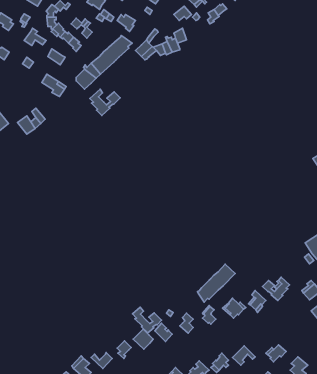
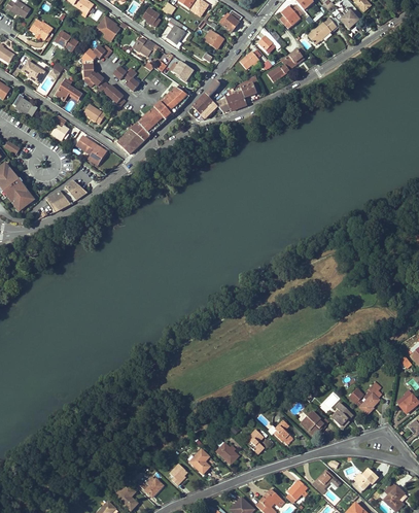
building: [90,89,120,115] -> none
building: [197,264,235,302] -> none
building: [132,307,162,333] -> none

